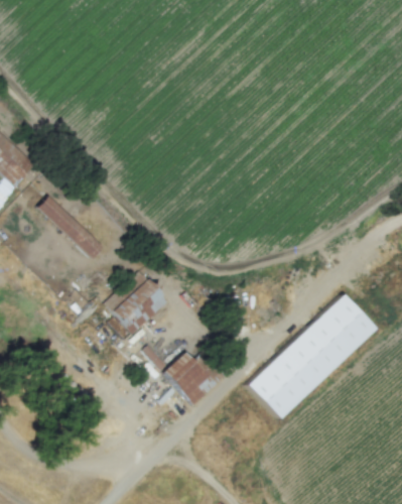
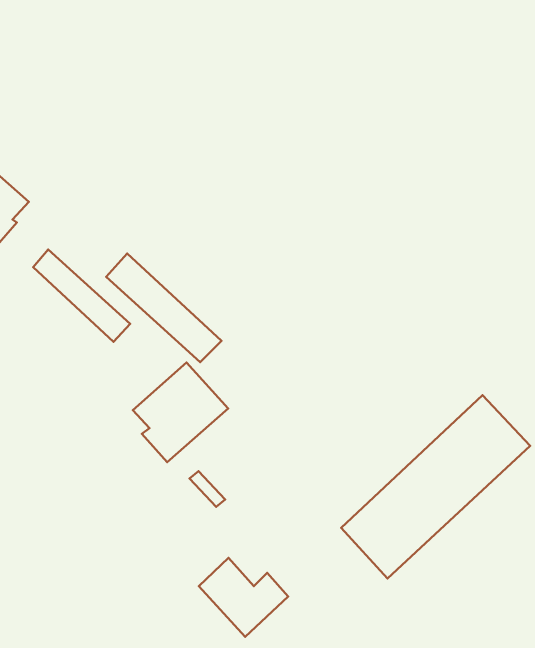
building: none -> [106,254,222,362]
building: [164,352,225,405] -> [199,558,288,637]

